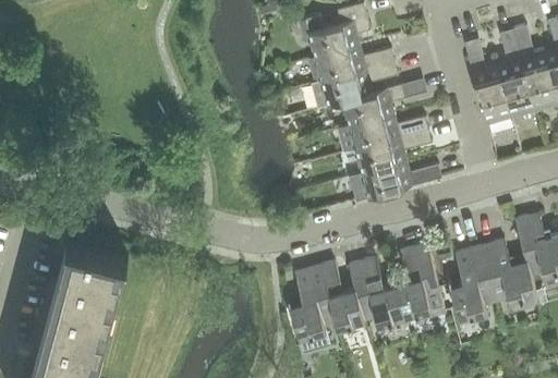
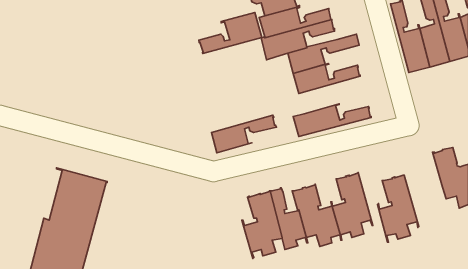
building: none -> [199,13,262,54]
building: [355,127,433,172] -> [211,115,276,153]
building: [481,239,539,310] -> none

